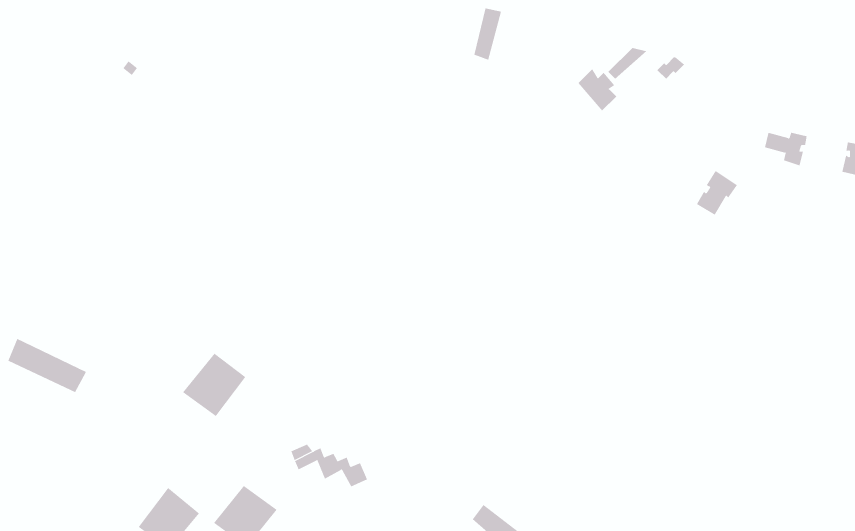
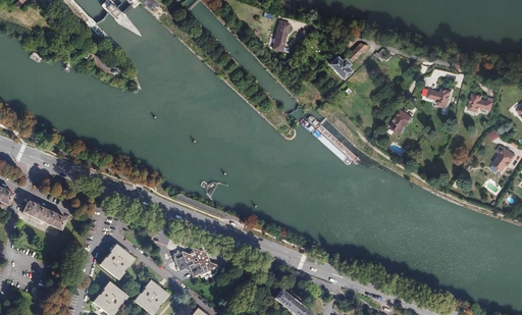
building: [182,353,246,417] -> [99,244,134,278]

